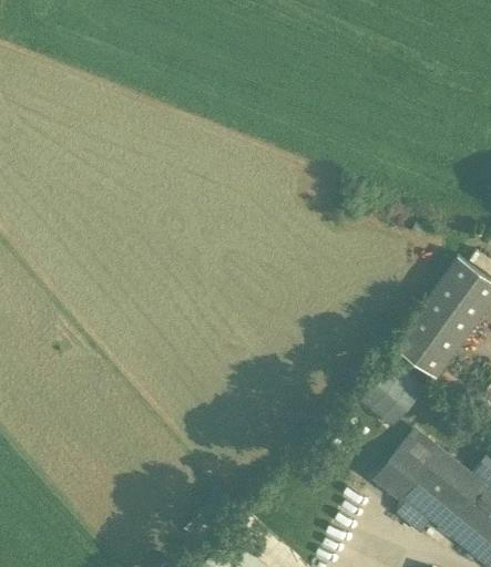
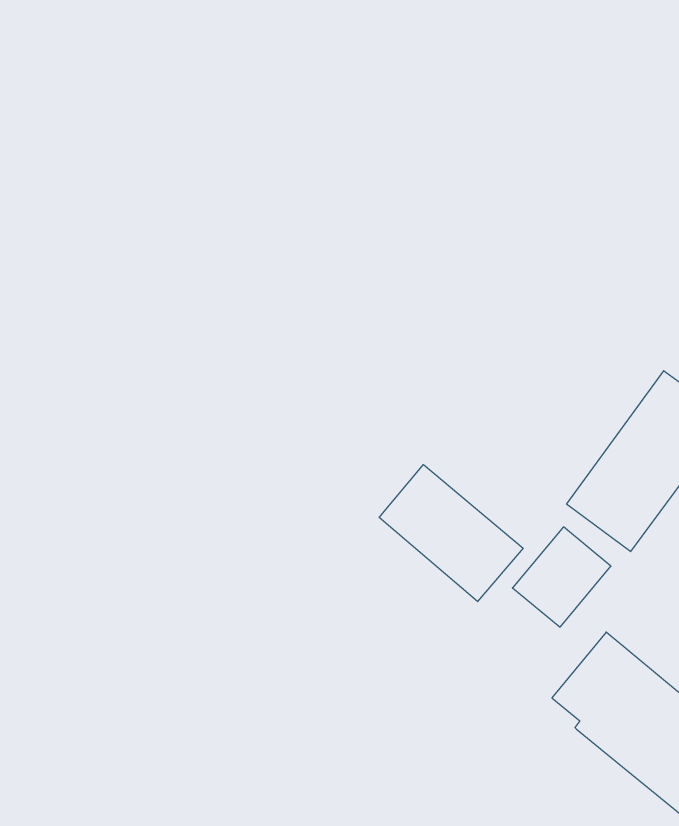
building: none -> [379,465,523,602]

